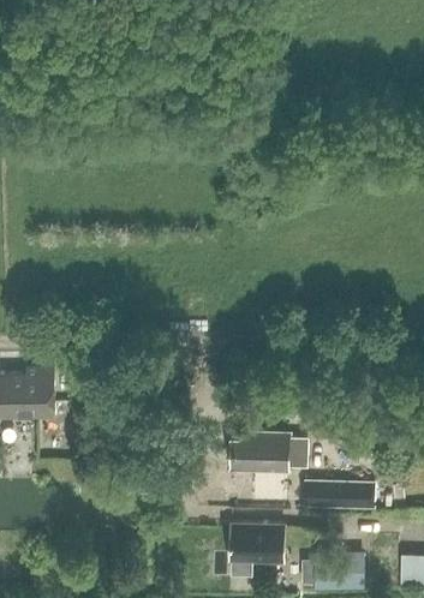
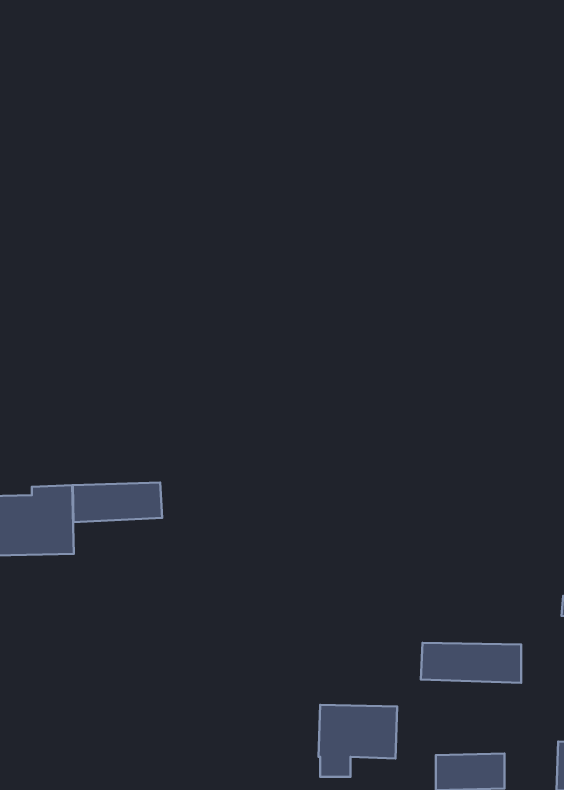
building: none -> [73,482,162,522]
building: [231,432,306,471] -> none

